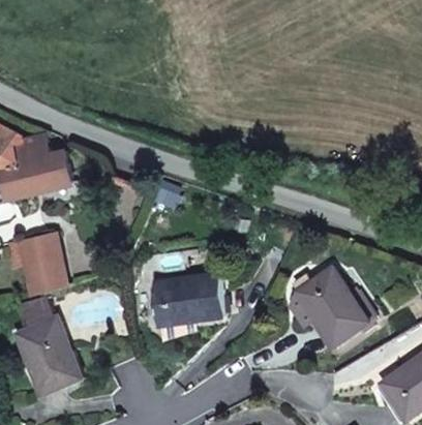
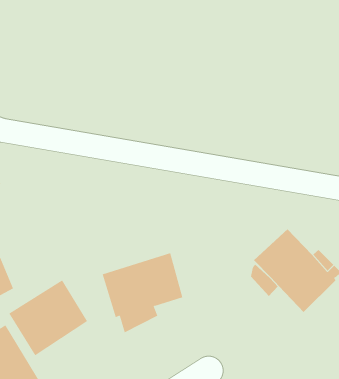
building: none -> [8,280,88,356]

